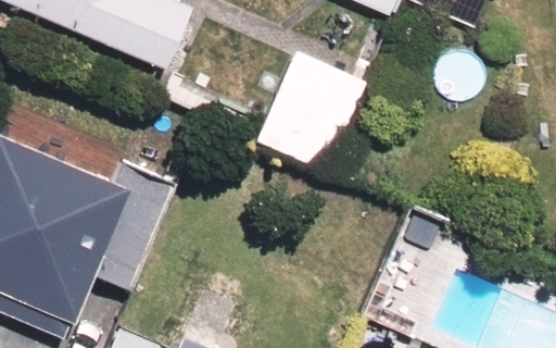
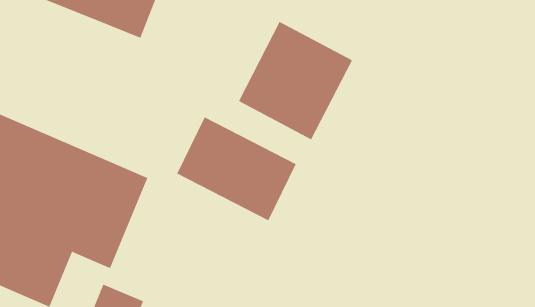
building: none -> [177,116,297,221]

